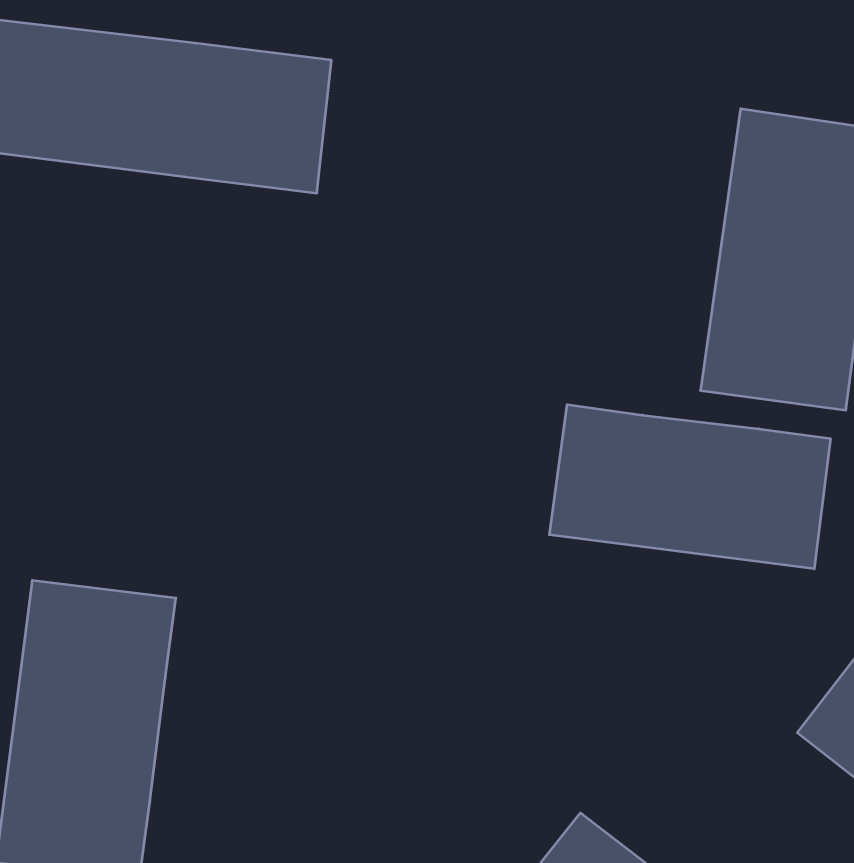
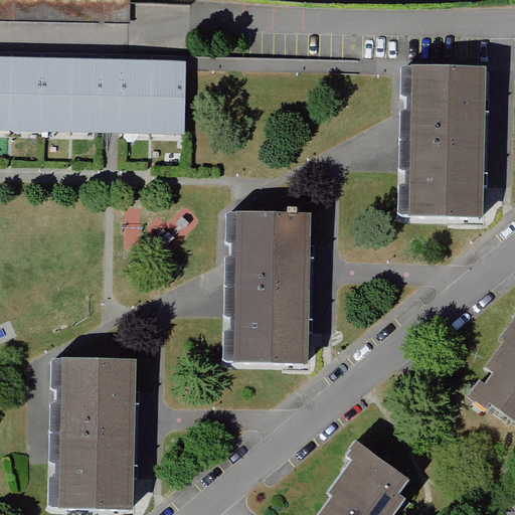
building: none -> [229,210,311,365]
building: [549,405,830,569] -> none

